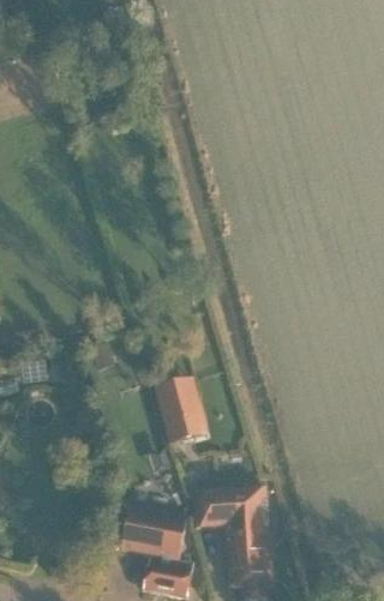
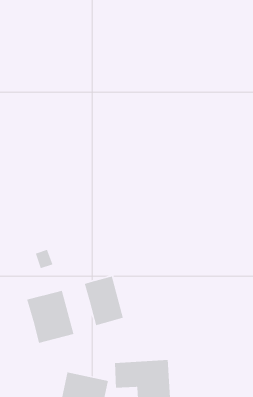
building: none -> [26,290,74,344]

